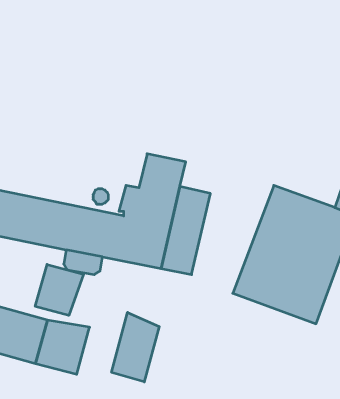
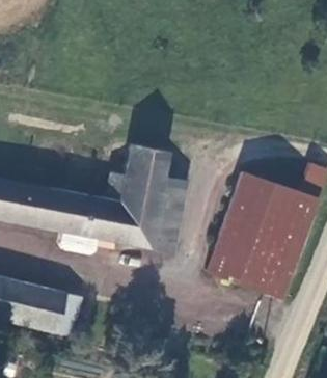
building: [35,264,83,315] -> none
building: [112,312,159,382] -> none

